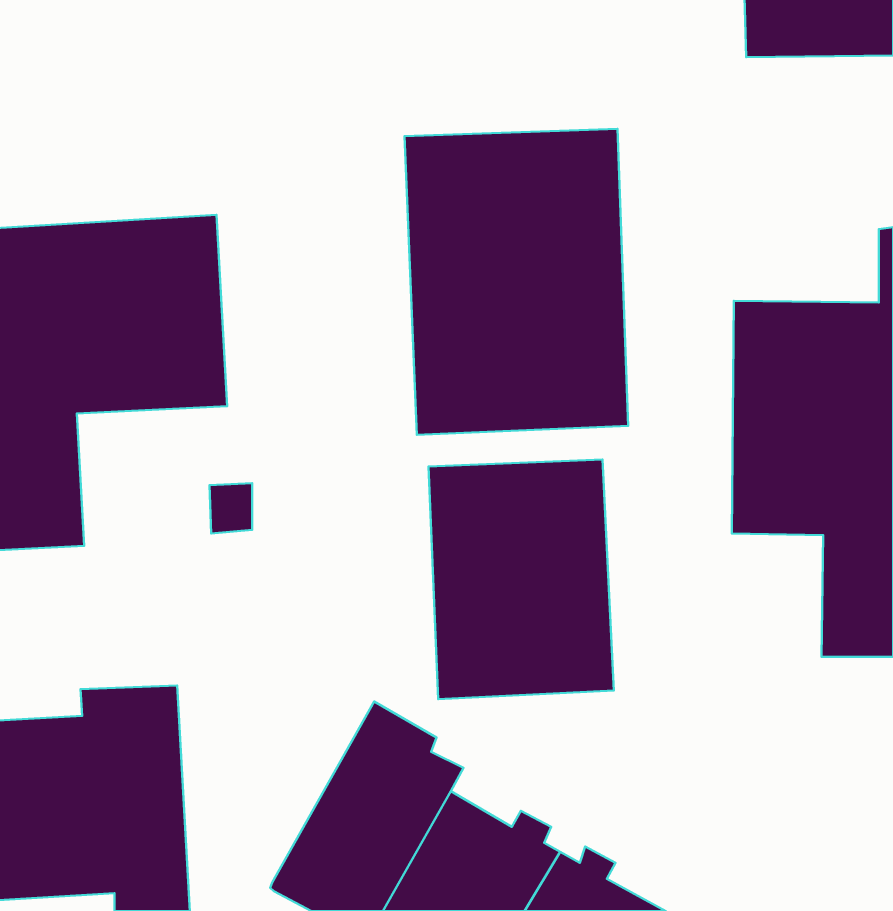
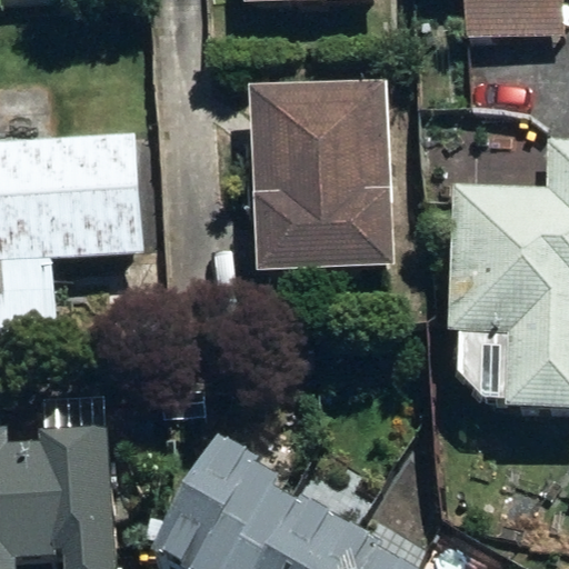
building: [428,459,614,699] -> none

